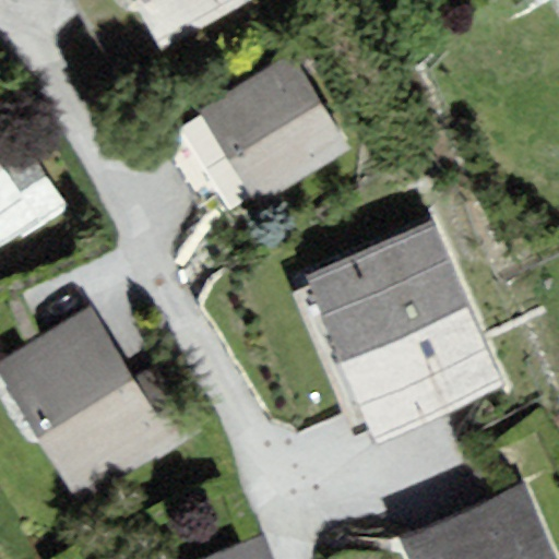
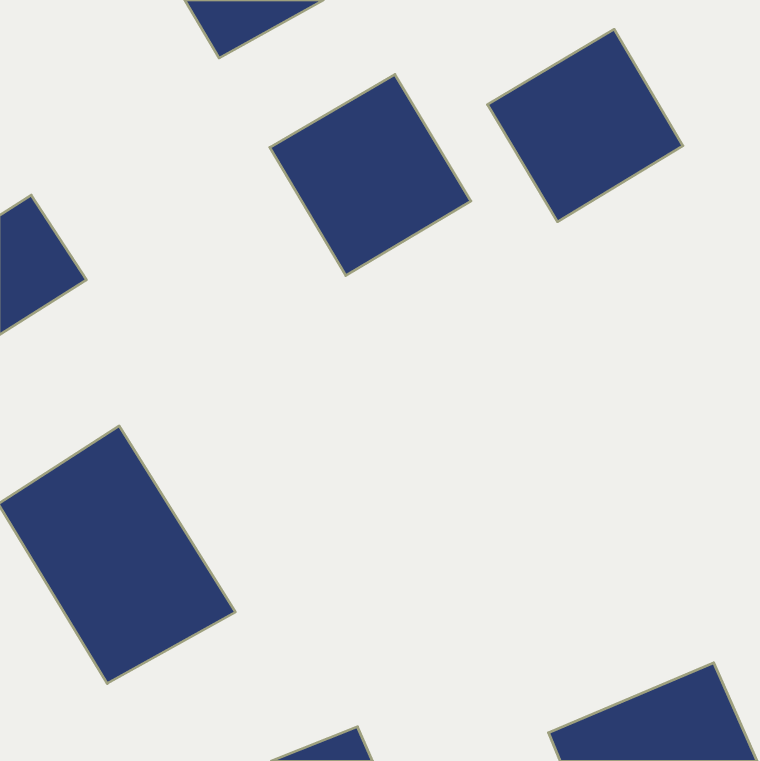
building: none -> [487,29,683,222]
building: [306,225,499,436] -> none

